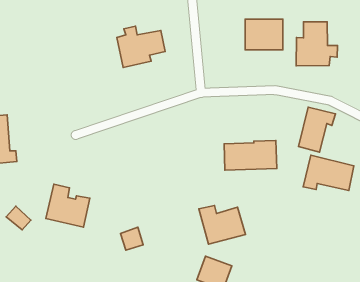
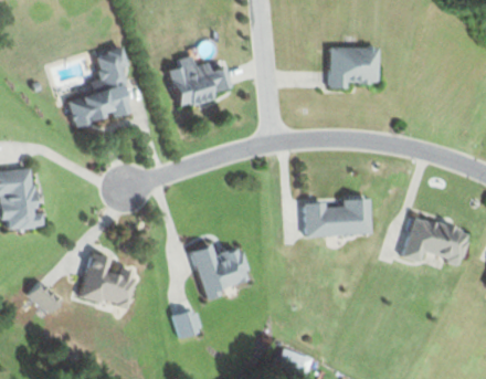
building: none -> [66,46,128,127]
building: [296,22,337,66] -> none
building: [299,107,335,152] -> none
building: [199,205,245,244] -> [191,245,250,294]

